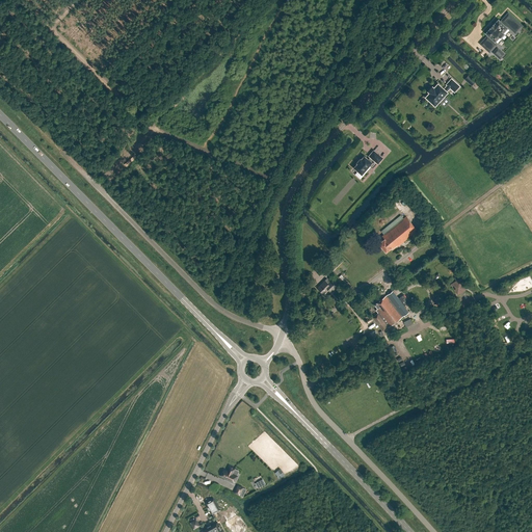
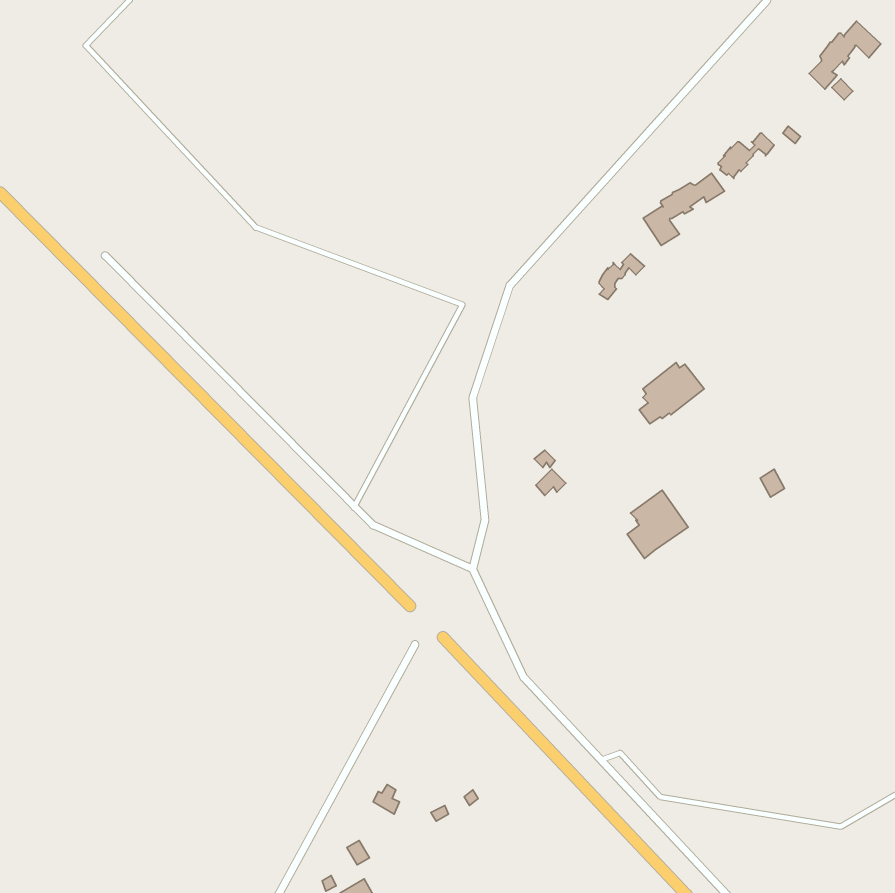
building: none -> [643,173,724,246]

